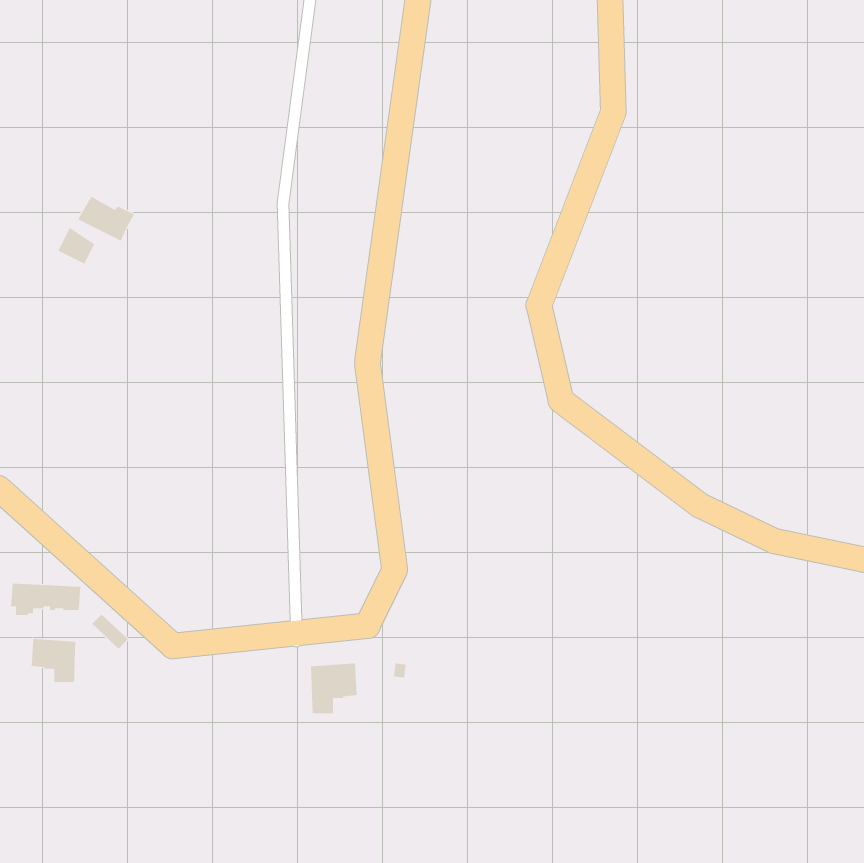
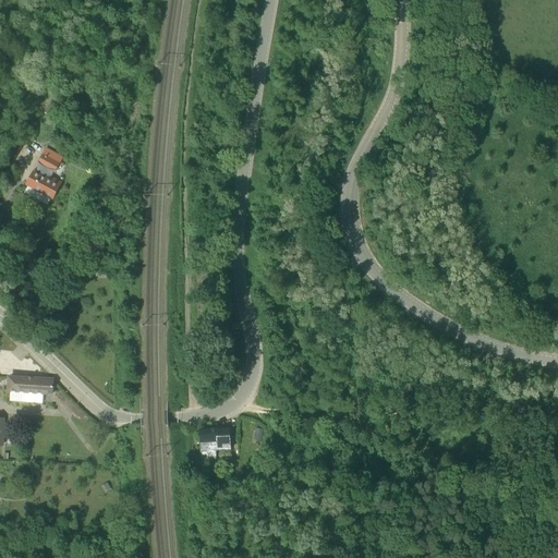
building: [77,196,135,241] -> [24,168,61,197]
building: [31,638,76,683] -> none

